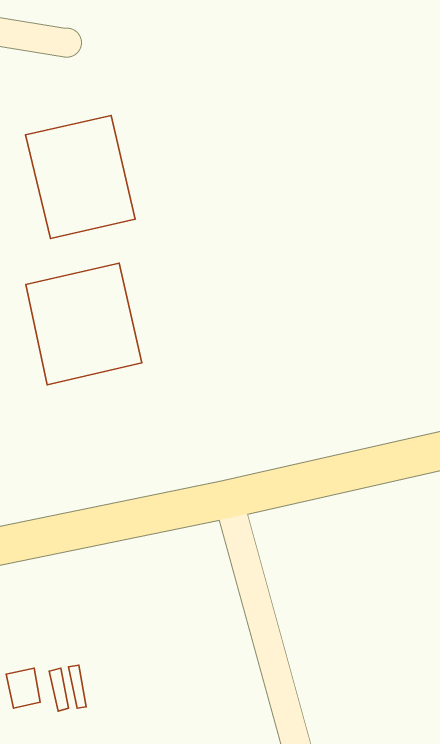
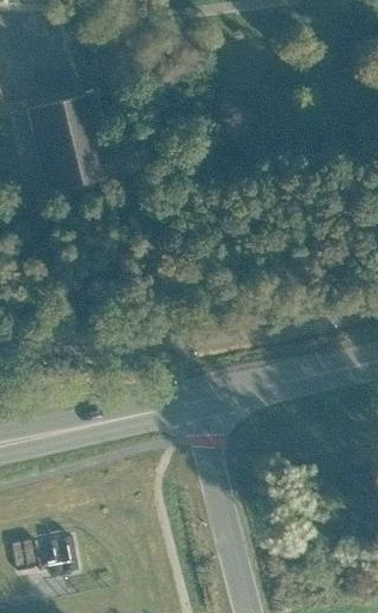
building: [26,263,142,385] -> none

